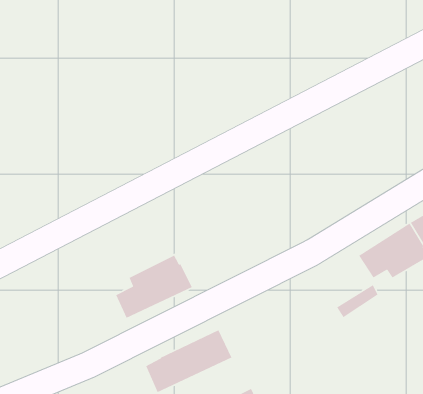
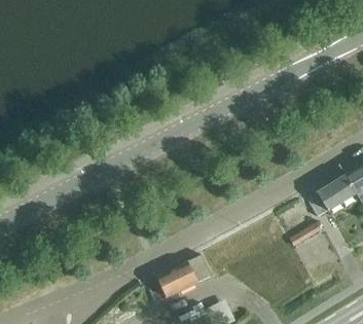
building: [115,254,193,319] -> none

